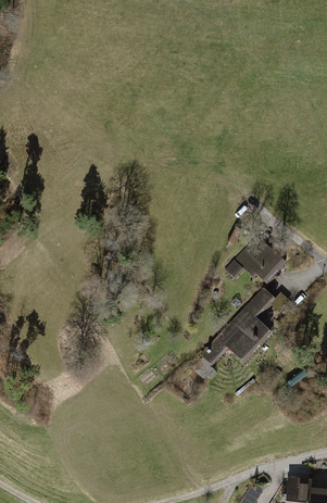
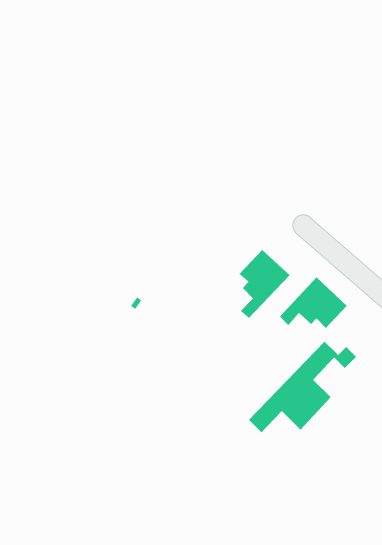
building: none -> [239,249,290,319]

